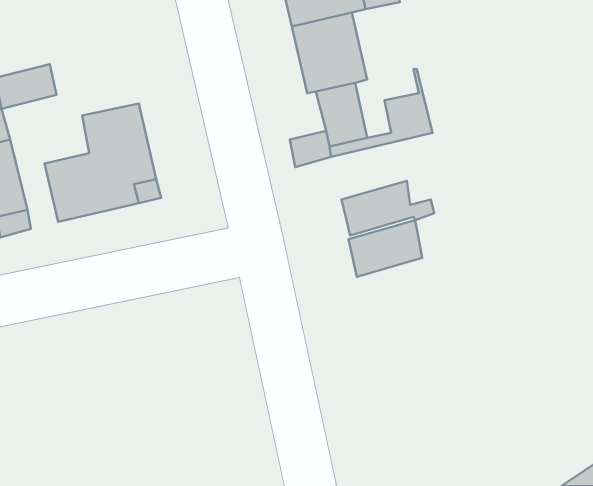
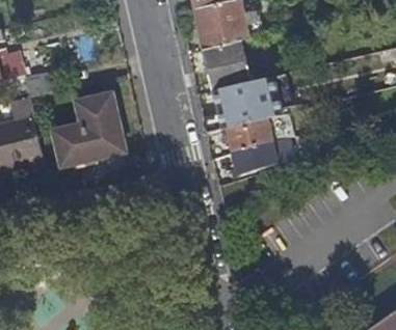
building: none -> [242,74,281,115]
building: [348,220,422,277] -> [229,118,273,153]

